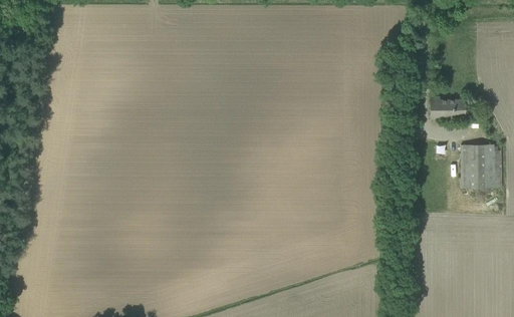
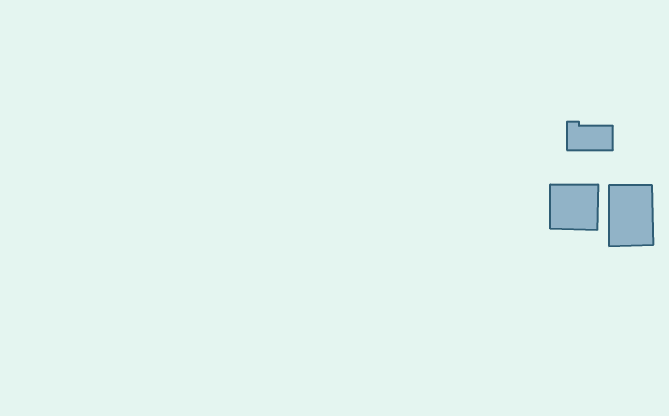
building: none -> [550,184,598,230]

